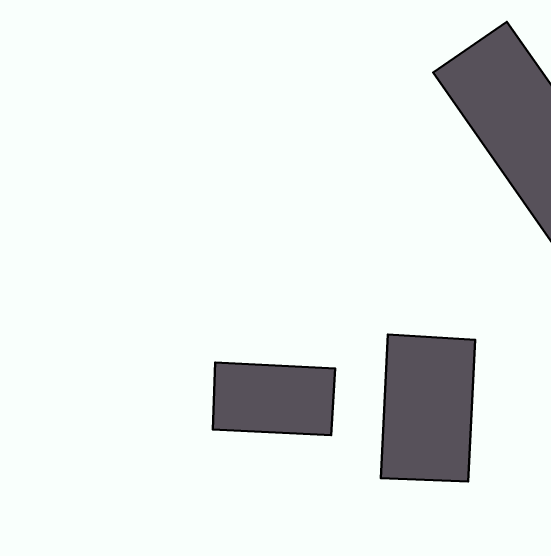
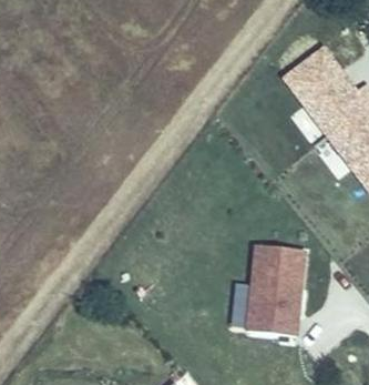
building: [213,363,335,435] -> none

